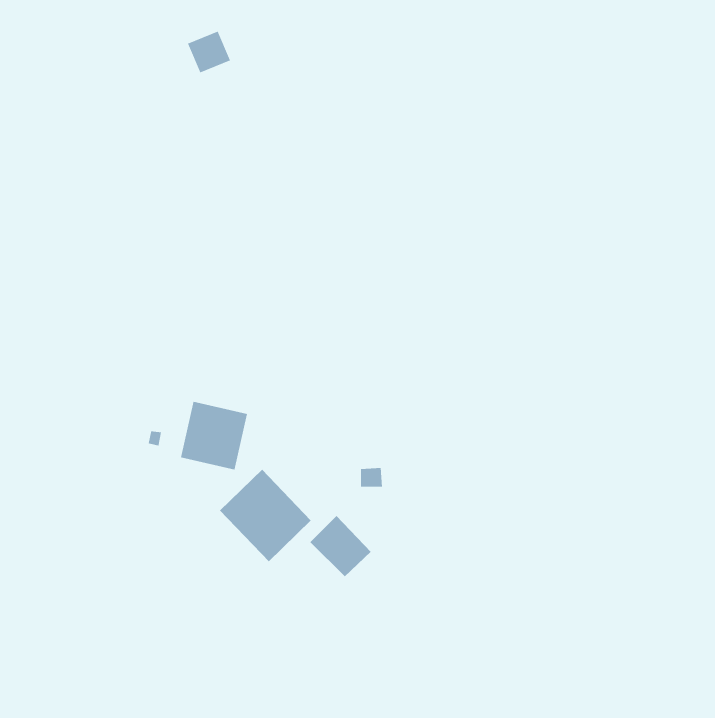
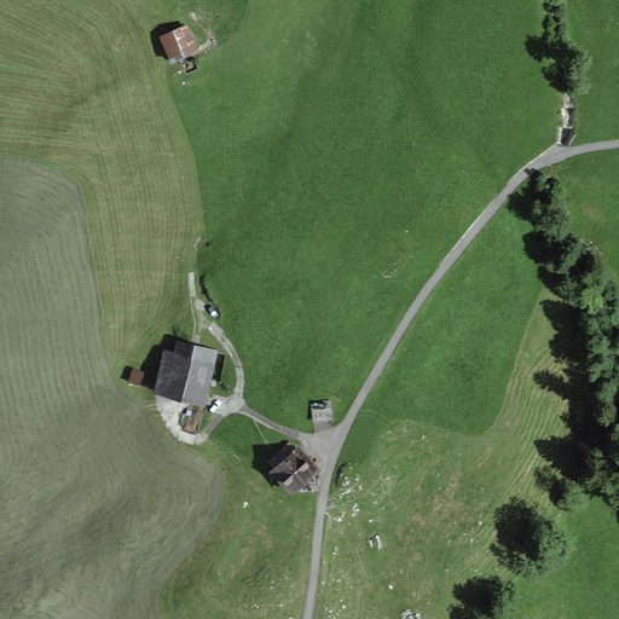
building: [219,469,312,562] -> none

